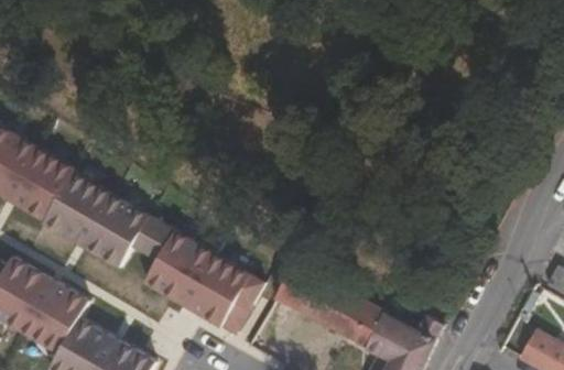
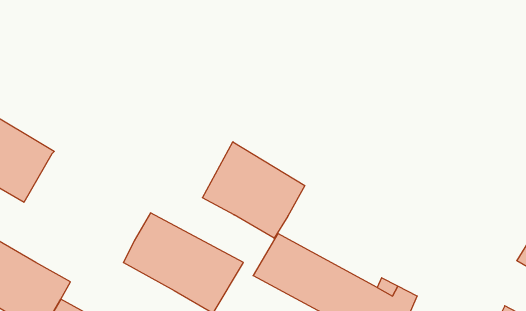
building: none -> [202,142,305,238]
building: [41,173,174,272] -> none

